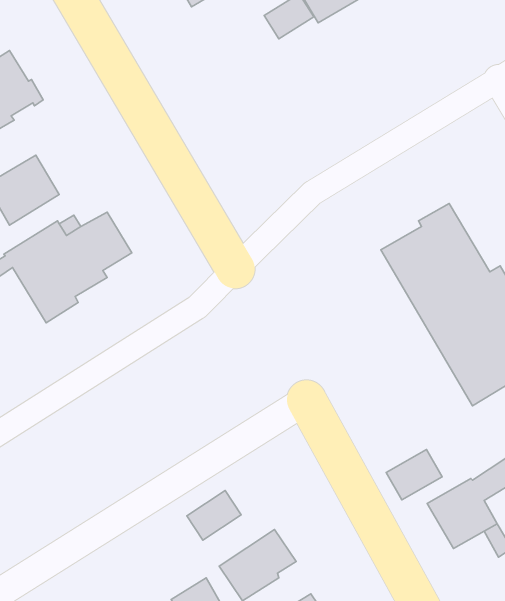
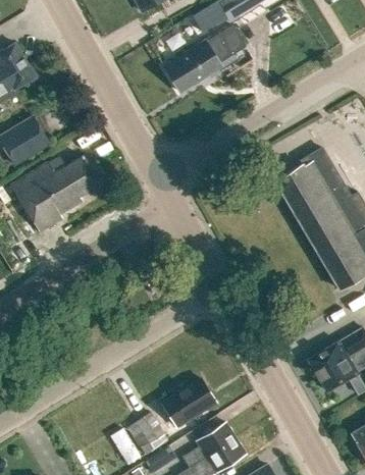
building: none -> [164,27,246,93]
building: [386,449,442,500] -> none
building: [187,491,241,540] -> none

